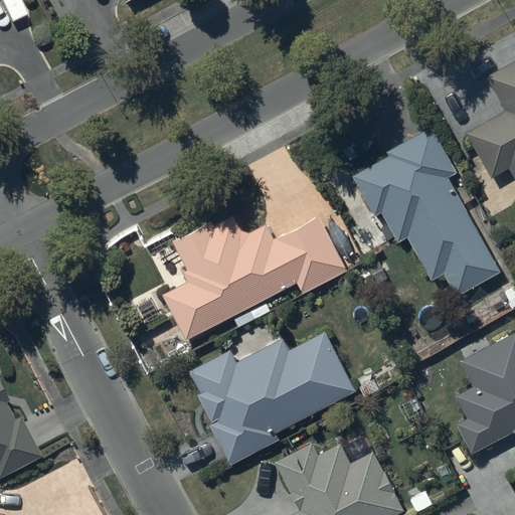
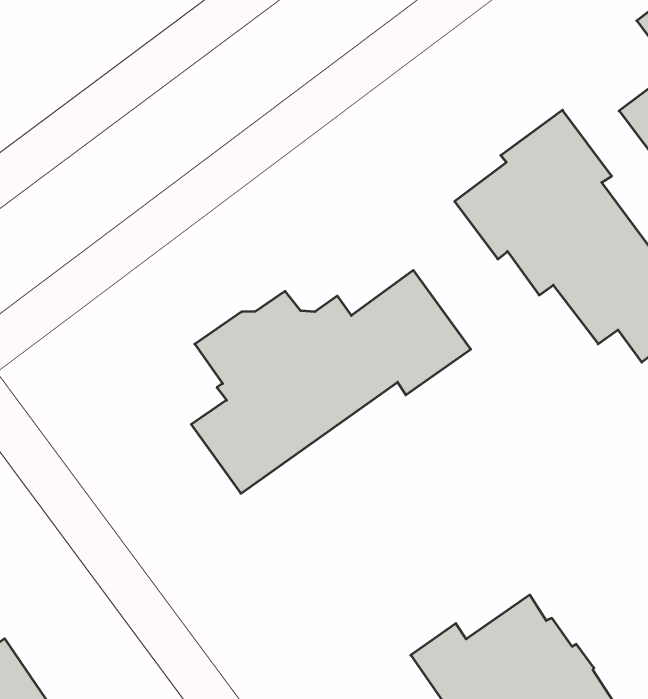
building: [189,332,356,465] -> none

